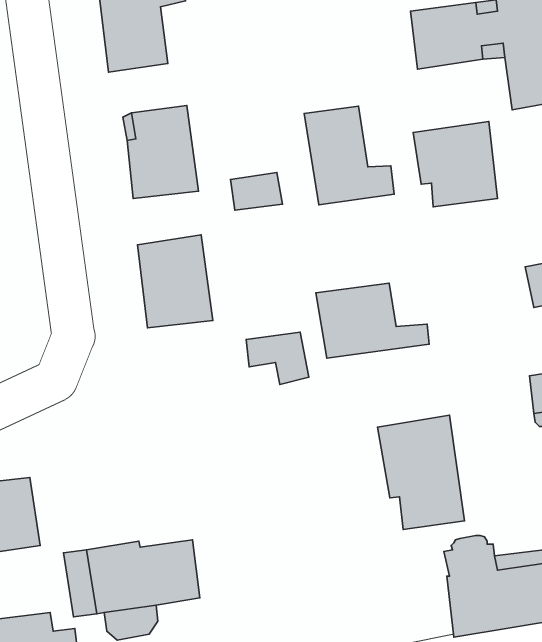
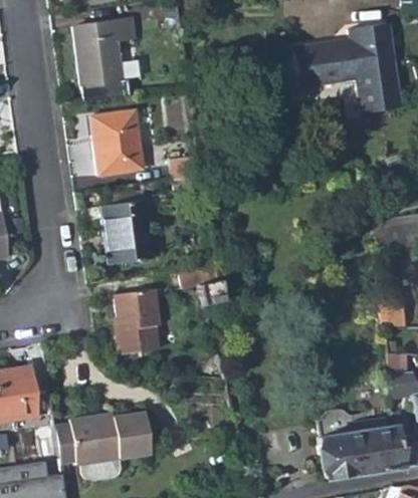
building: [304,106,394,205] -> none
building: [413,122,497,207] -> none
building: [316,283,429,358] -> none
building: none -> [119,293,162,359]
building: [377,415,464,529] -> none

